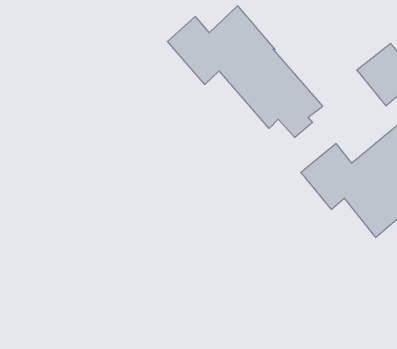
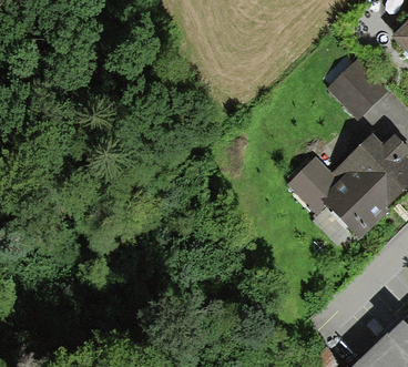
building: [167,6,323,138] -> none

